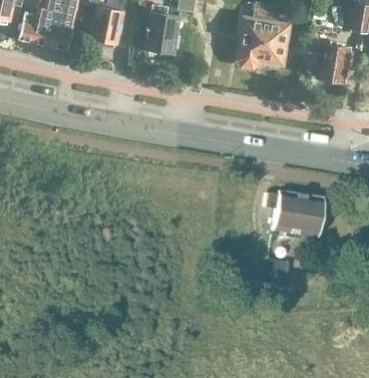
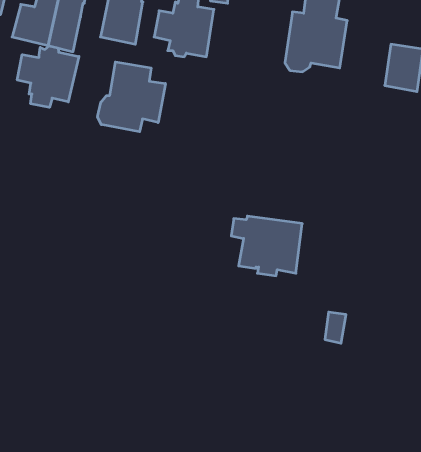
building: none -> [17,46,79,107]
building: none -> [98,62,165,132]
building: [265,192,322,240] -> [231,216,302,276]

